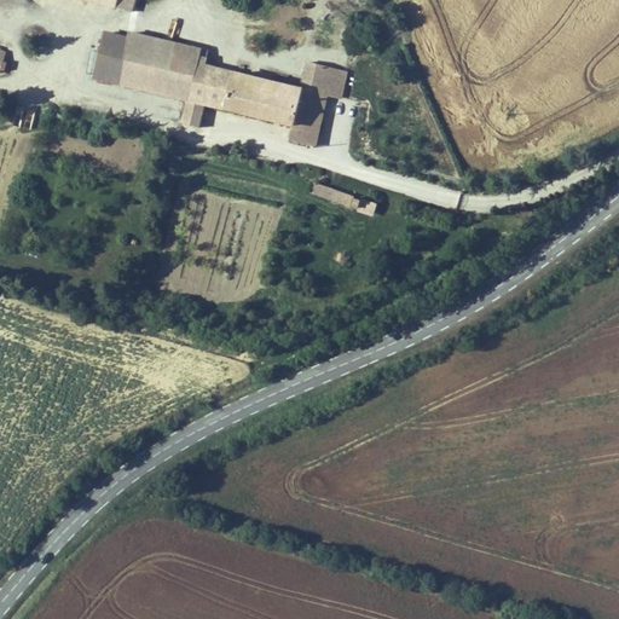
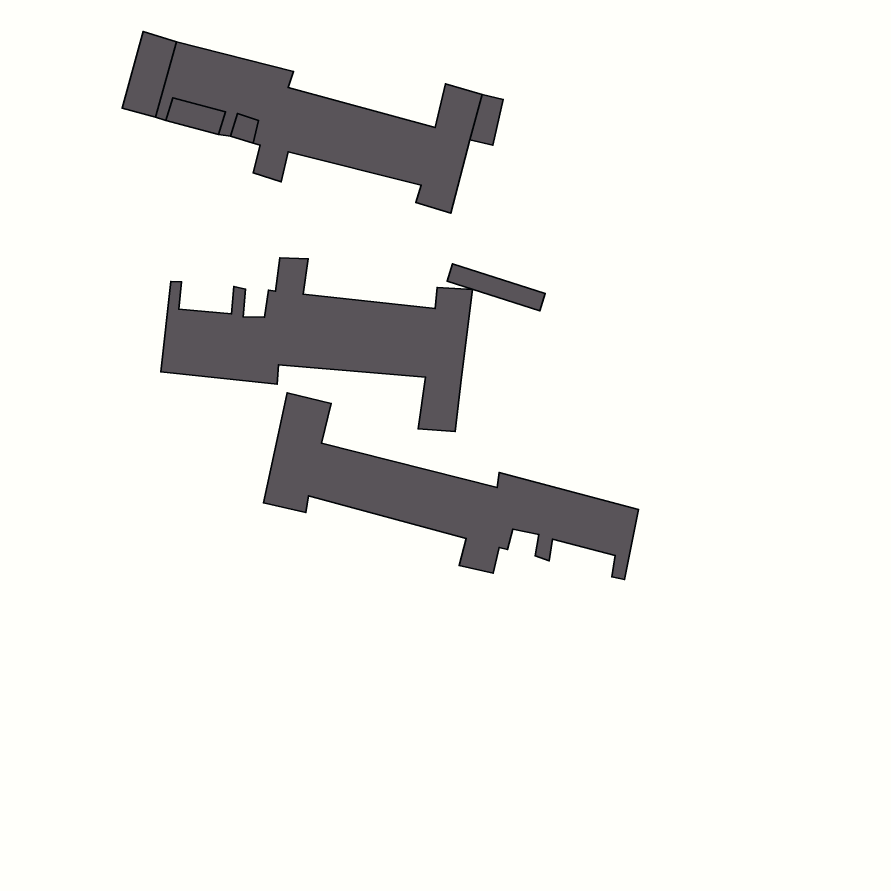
building: none -> [161,258,472,431]
building: none -> [263,393,638,580]

